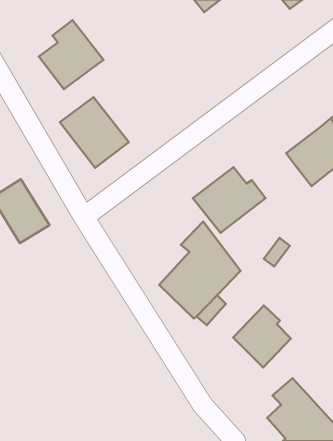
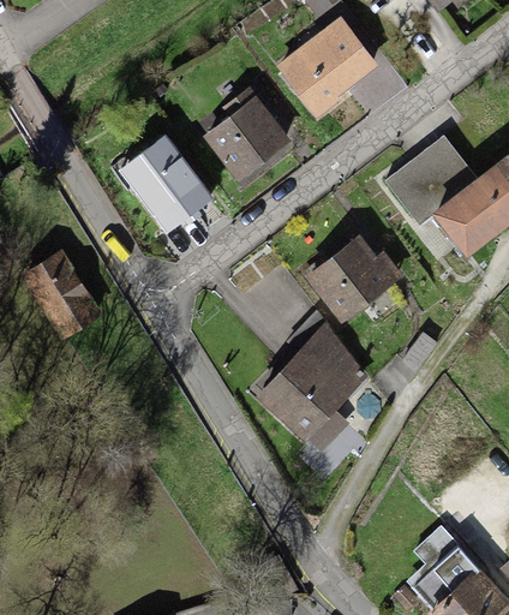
building: none -> [276,16,379,119]
building: [39,20,104,89] -> [203,85,293,181]
building: none -> [384,133,479,225]
building: [233,305,291,367] -> none

